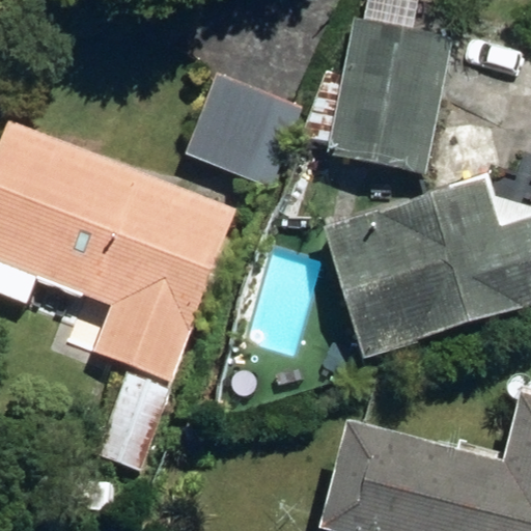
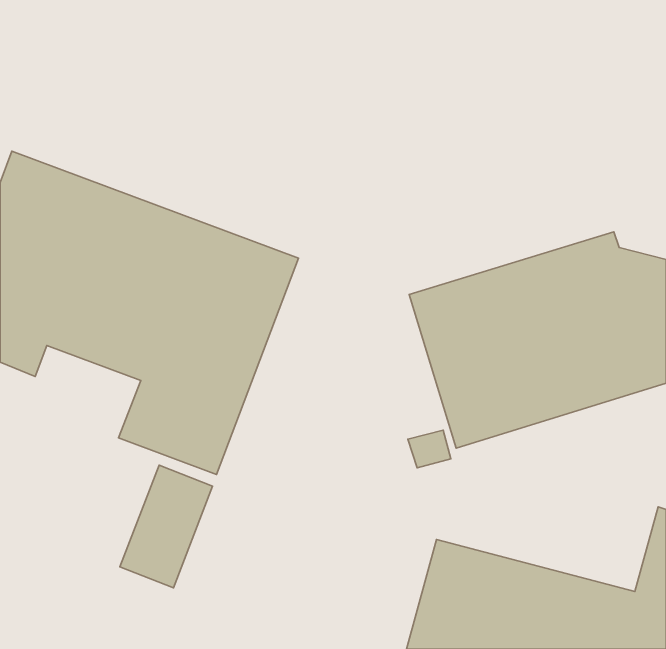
building: [302,21,452,172] -> none
building: [185,72,300,185] -> none

